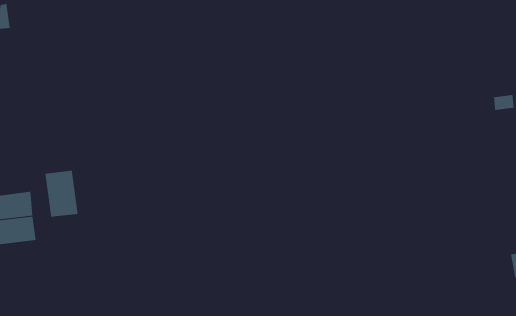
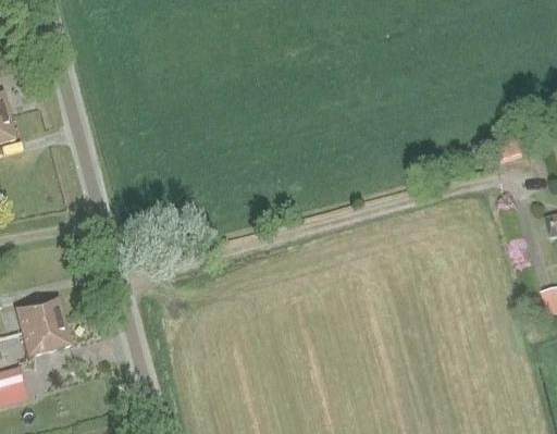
building: [45,170,78,218] -> none

